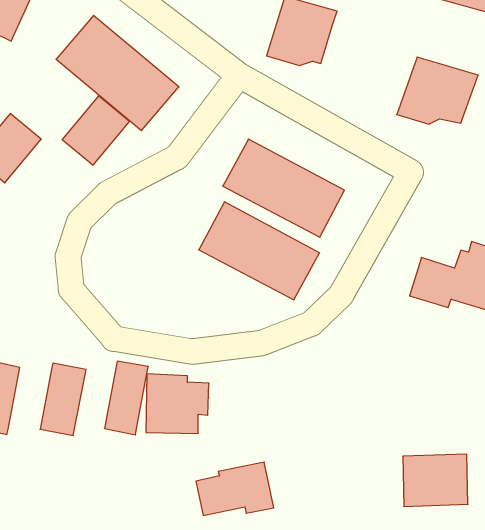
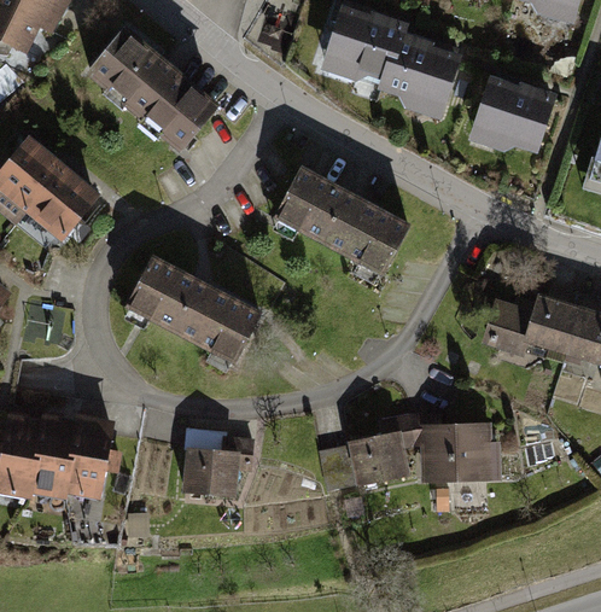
building: none -> [379,34,459,117]
building: [62,96,130,165] -> [24,164,100,243]
building: [199,202,320,300] -> [122,255,258,366]
building: [104,361,148,435] -> [28,416,77,500]
building: [403,454,468,506] -> [420,426,494,485]
building: [196,462,274,515] -> [321,432,409,492]

